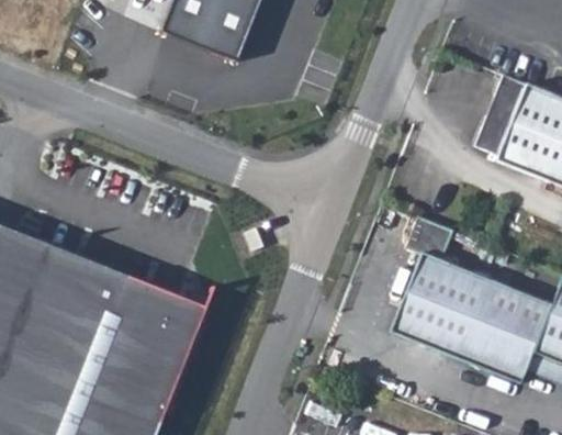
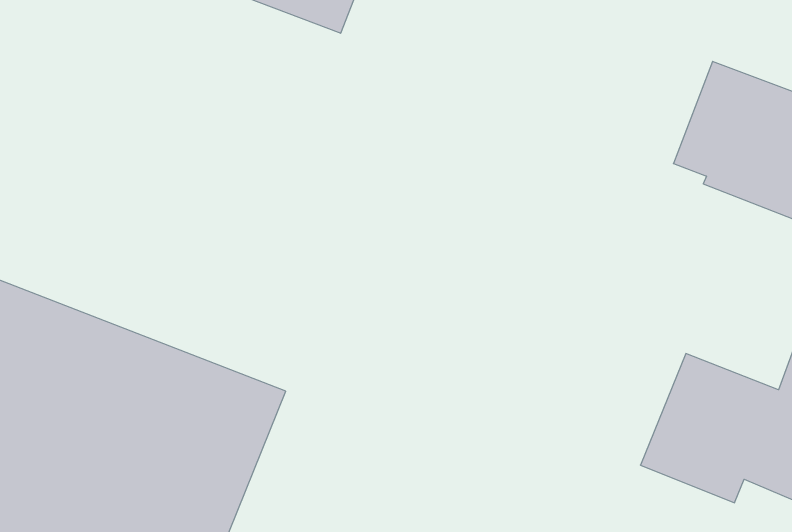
building: [387,217,483,356] -> none

